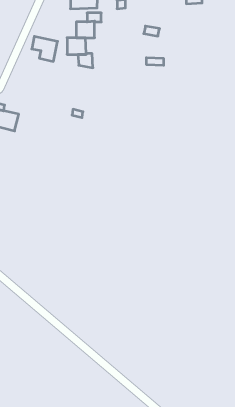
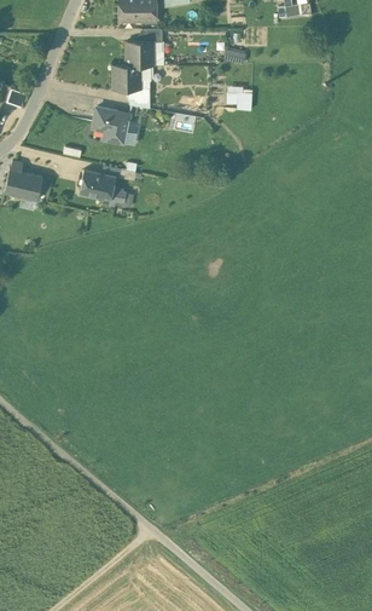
building: [32,36,58,61] -> [93,108,130,144]
building: none -> [80,169,127,202]

